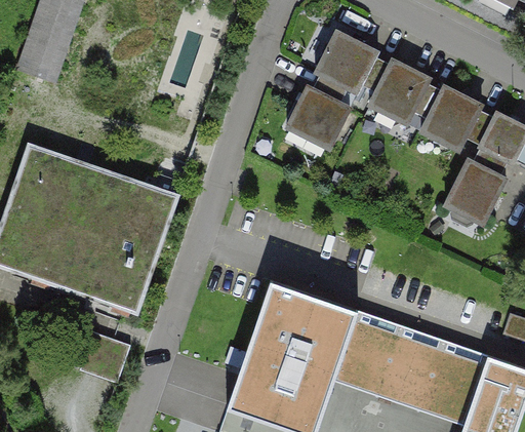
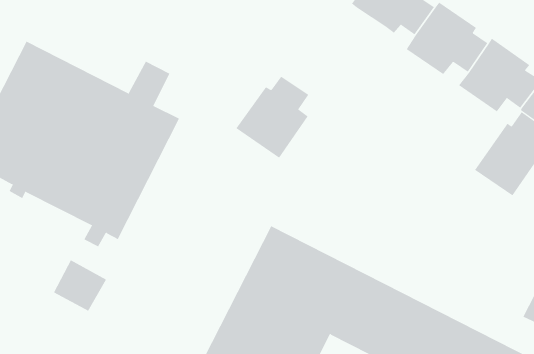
building: [286,75,350,149] -> [235,76,309,158]

